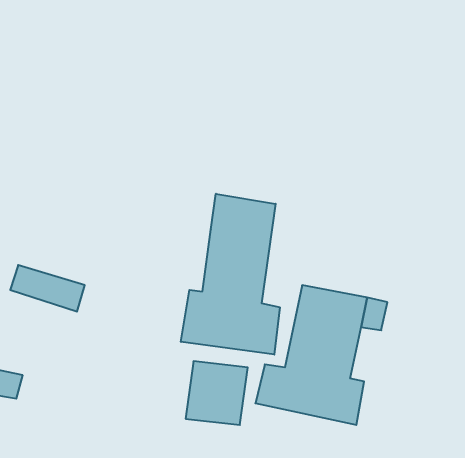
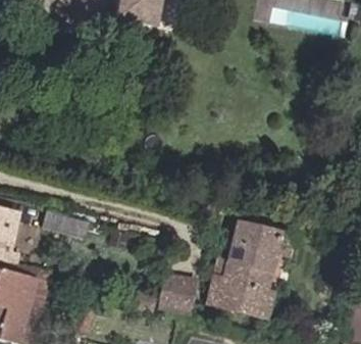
building: [181,194,280,355] -> none

